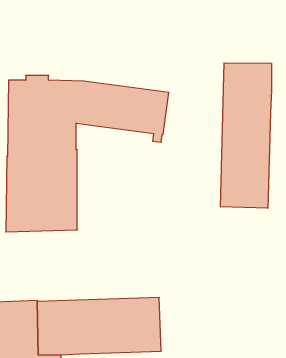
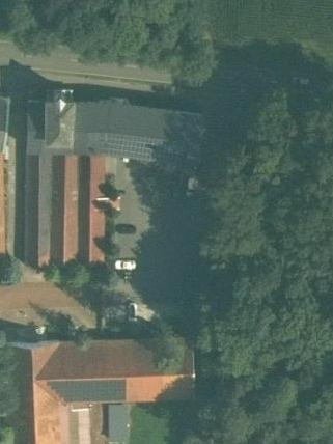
building: [220,63,271,208] -> none

